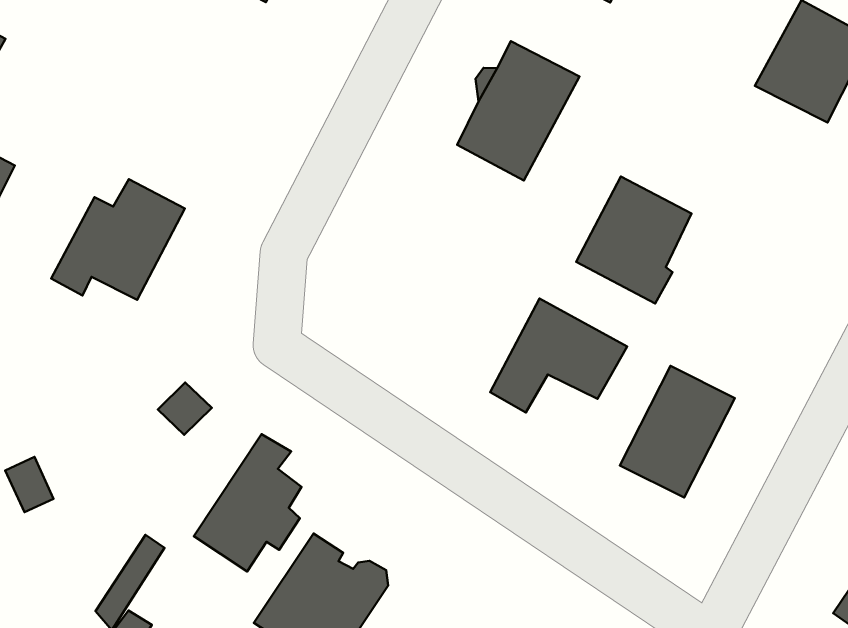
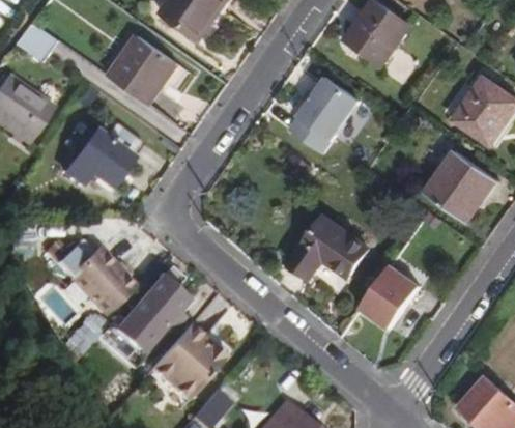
building: none -> [108,35,179,104]
building: [576,176,692,303] -> [426,150,491,221]
building: none -> [56,240,130,313]

